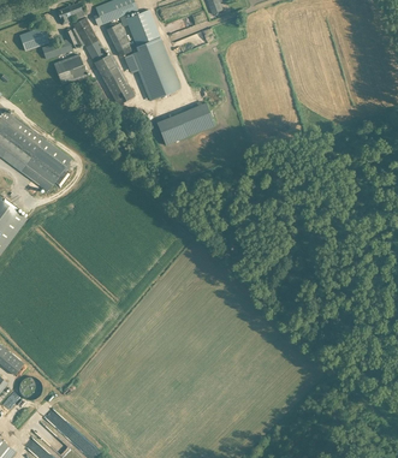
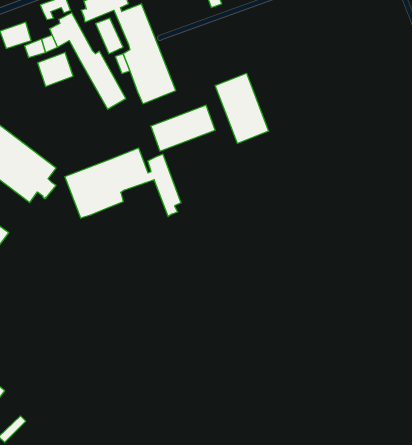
building: none -> [215,73,268,143]
building: none -> [65,148,181,218]

